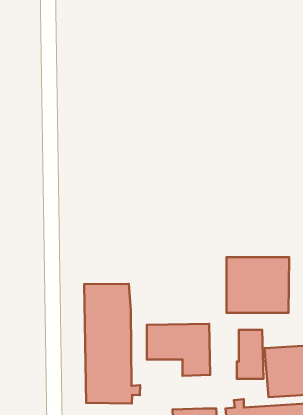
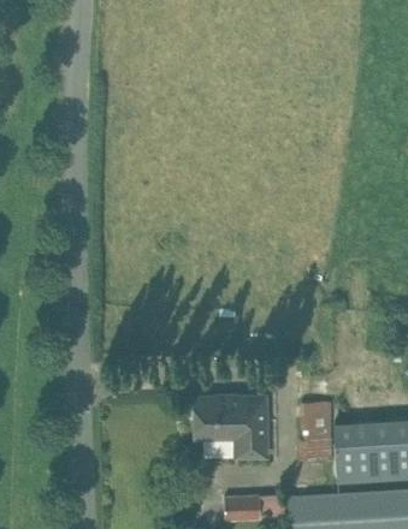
building: [226,257,289,313] -> none
building: [84,284,140,404] -> none

